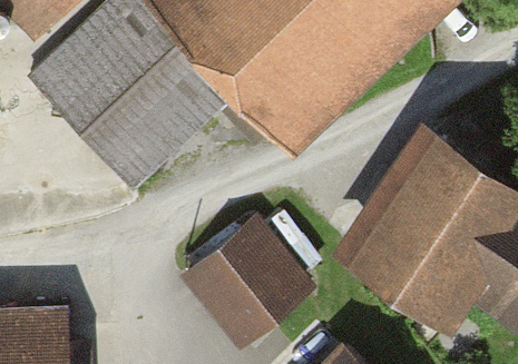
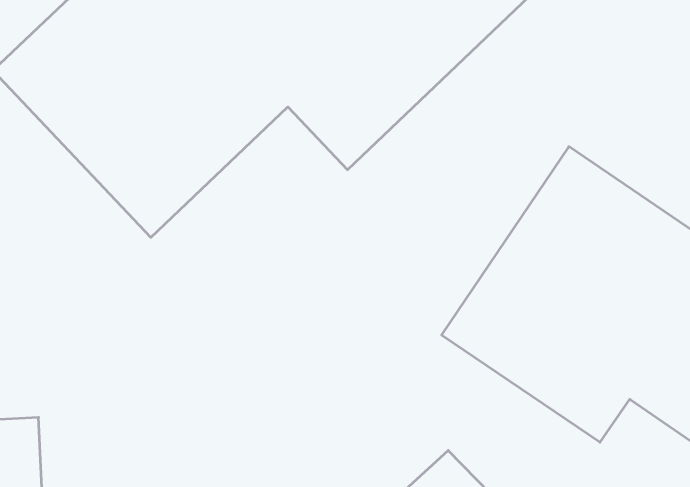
building: [177,210,311,343] -> none

